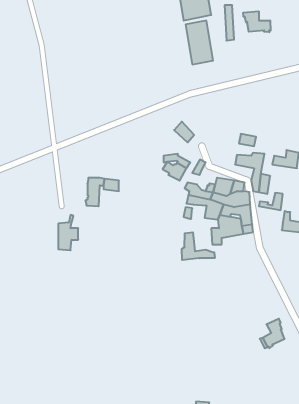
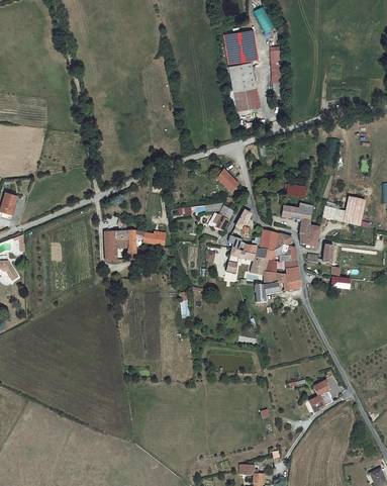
building: [243,11,271,32] -> none
building: [58,215,78,250] -> [104,221,125,259]
building: [182,232,215,260] -> none

